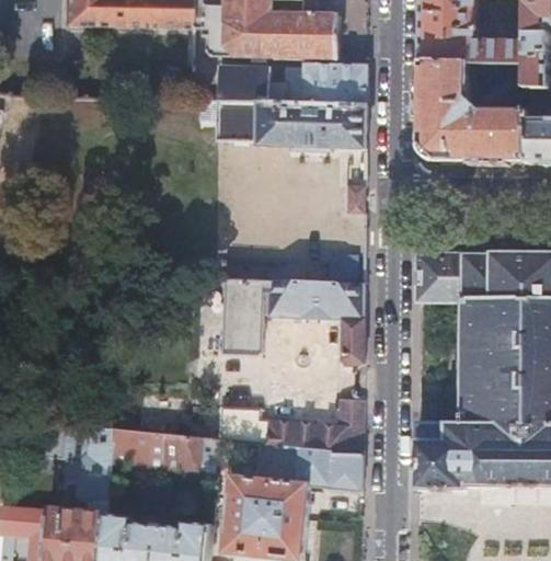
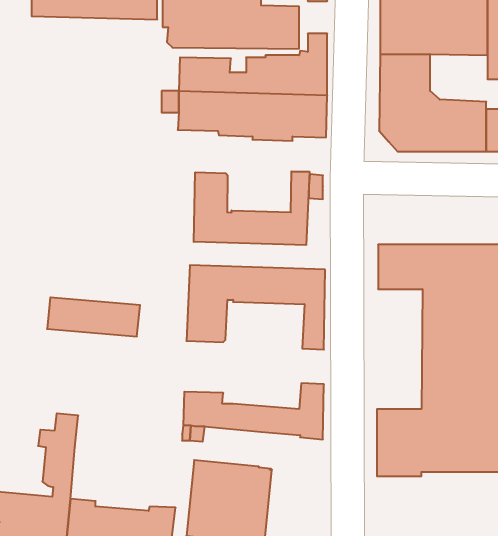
building: none -> [194,171,309,245]
building: [110,430,204,469] -> [47,297,140,336]
building: [295,446,360,490] -> none

